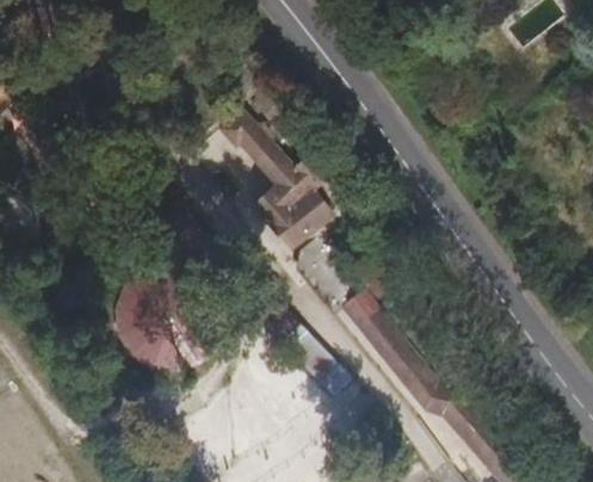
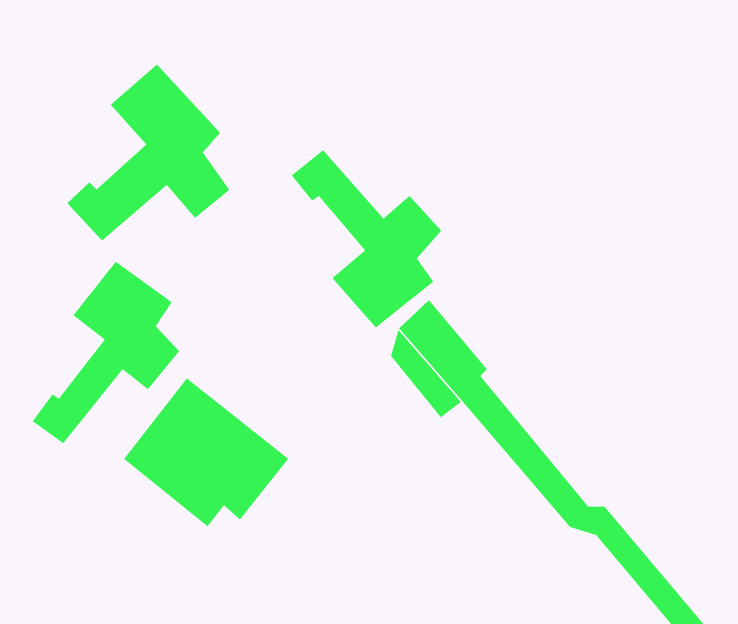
building: none -> [67,63,230,241]
building: none -> [32,261,180,444]

